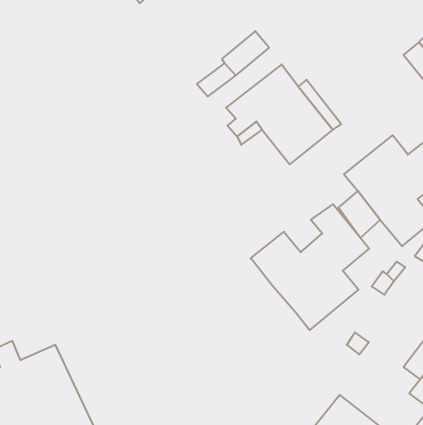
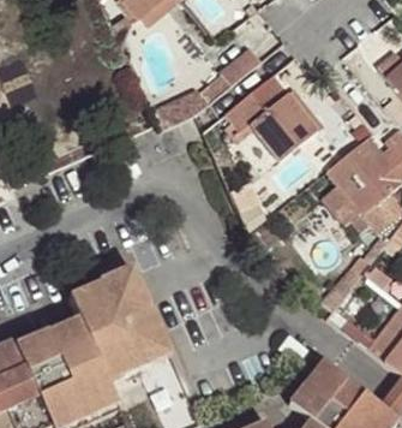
building: [251,204,369,330] -> none
building: none -> [66,264,170,381]

